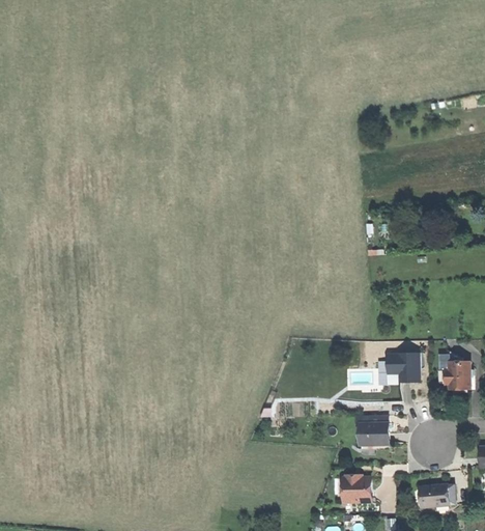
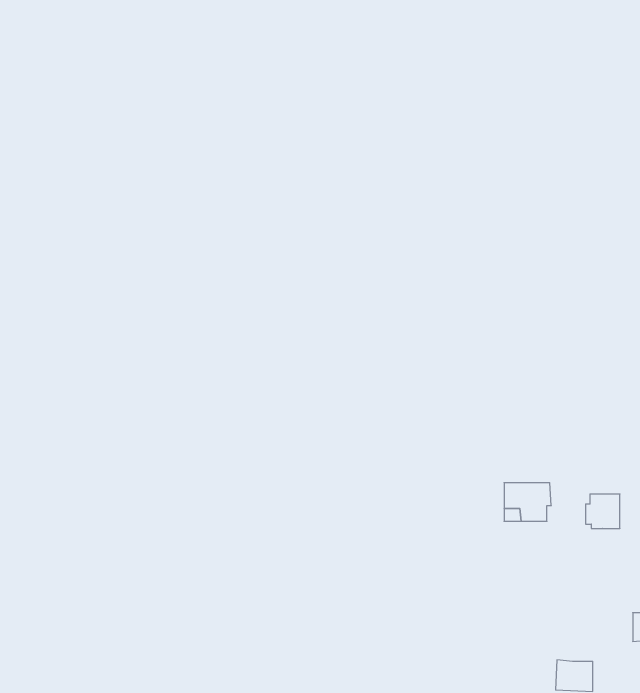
building: [358,423,387,444] -> none
building: [342,477,369,500] -> none

